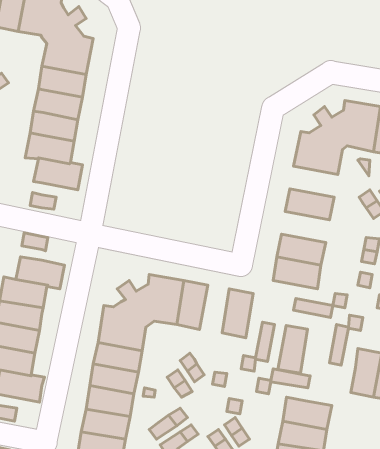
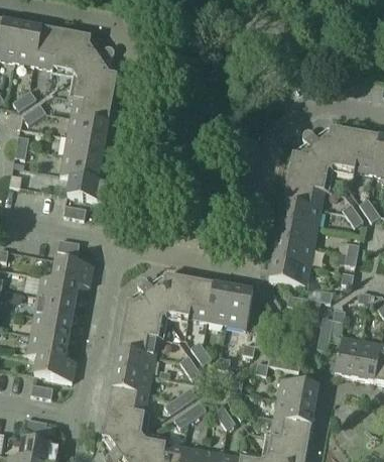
building: none -> [283,182,324,208]
building: none -> [276,220,316,246]
building: [278,326,308,373] -> [207,282,232,323]

